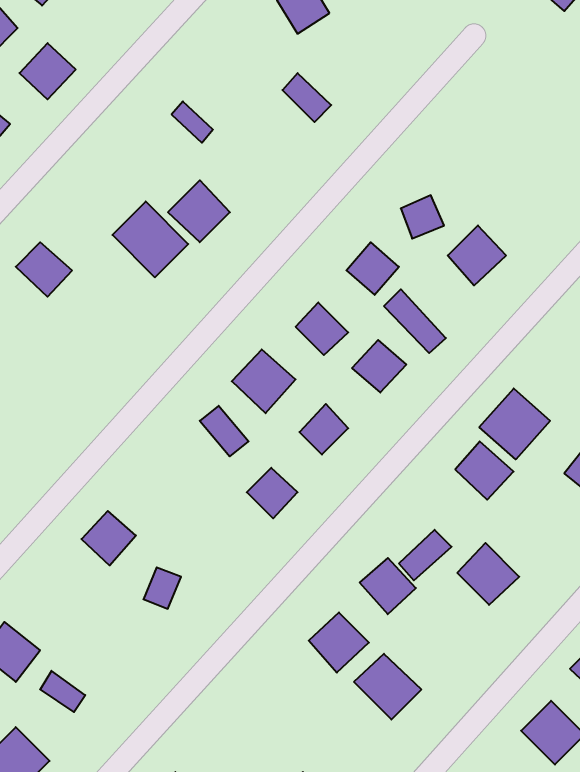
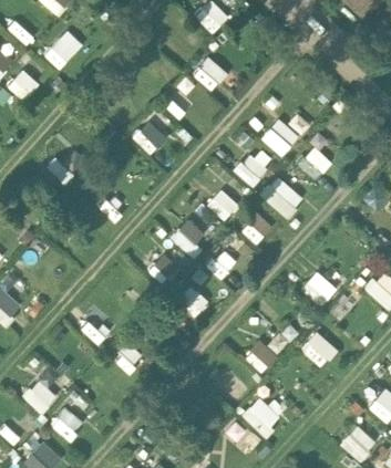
building: [112,201,188,277] -> none
building: [479,388,550,459] -> none

